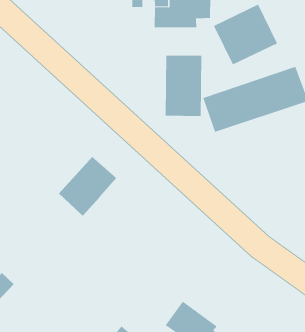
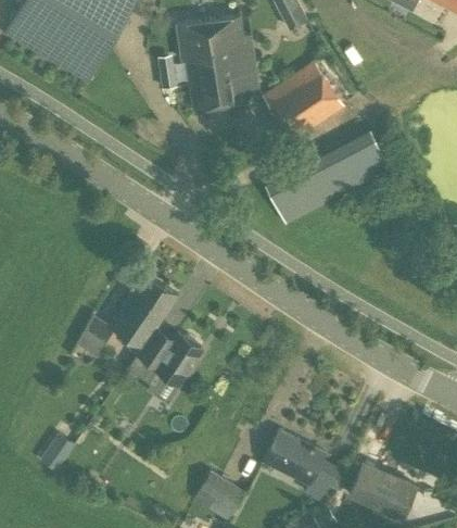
building: [165,55,202,117] -> none
building: none -> [78,314,116,355]
building: none -> [129,322,203,386]

